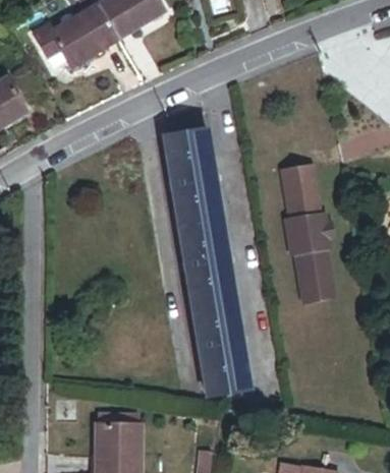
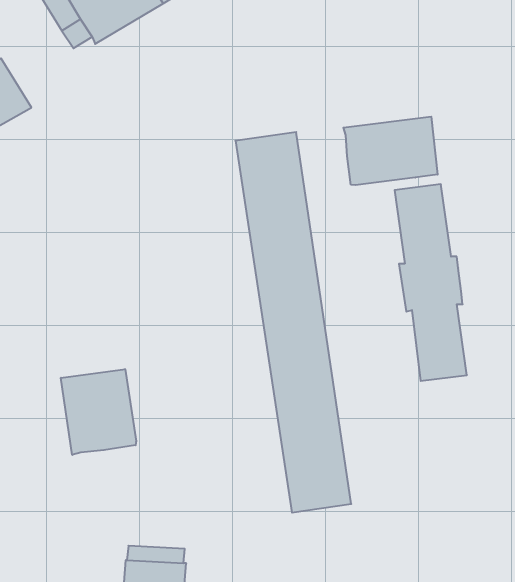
building: none -> [343,117,438,185]
building: none -> [61,369,136,455]

